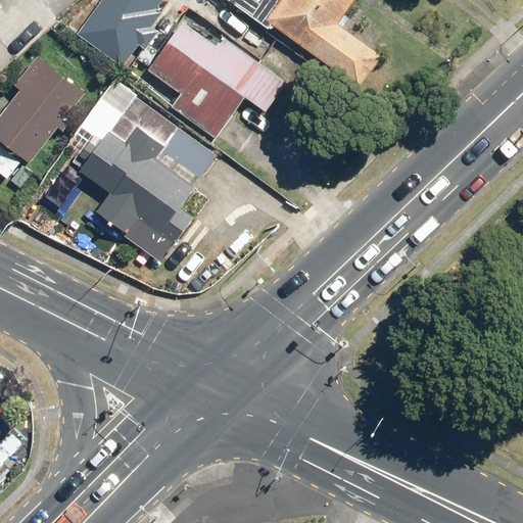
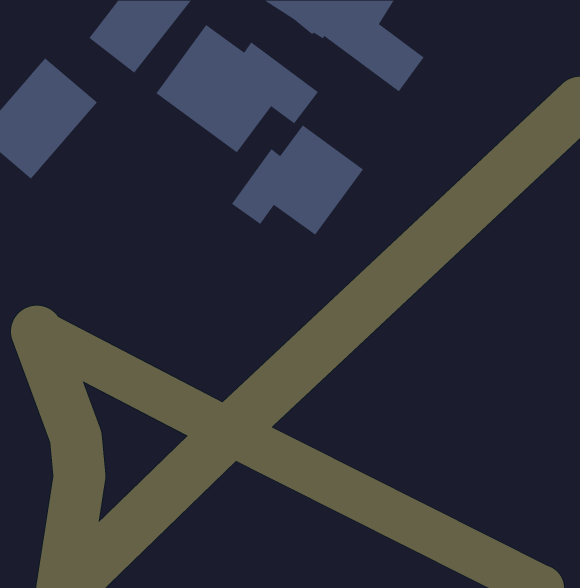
building: [73,91,216,256] -> none
building: none -> [231,124,364,236]

